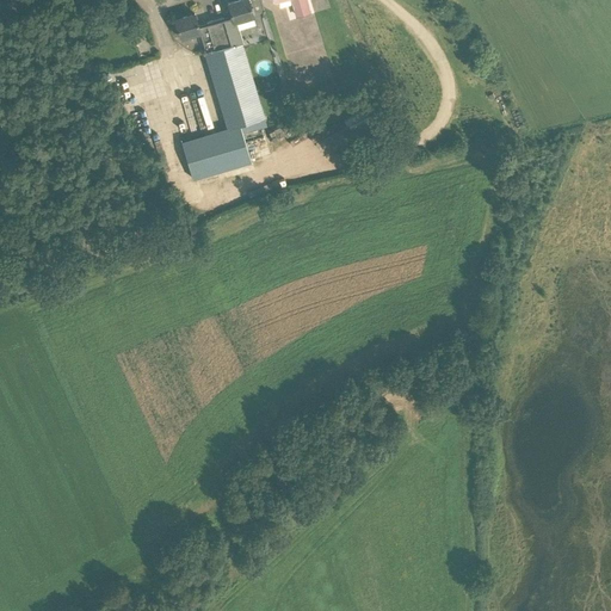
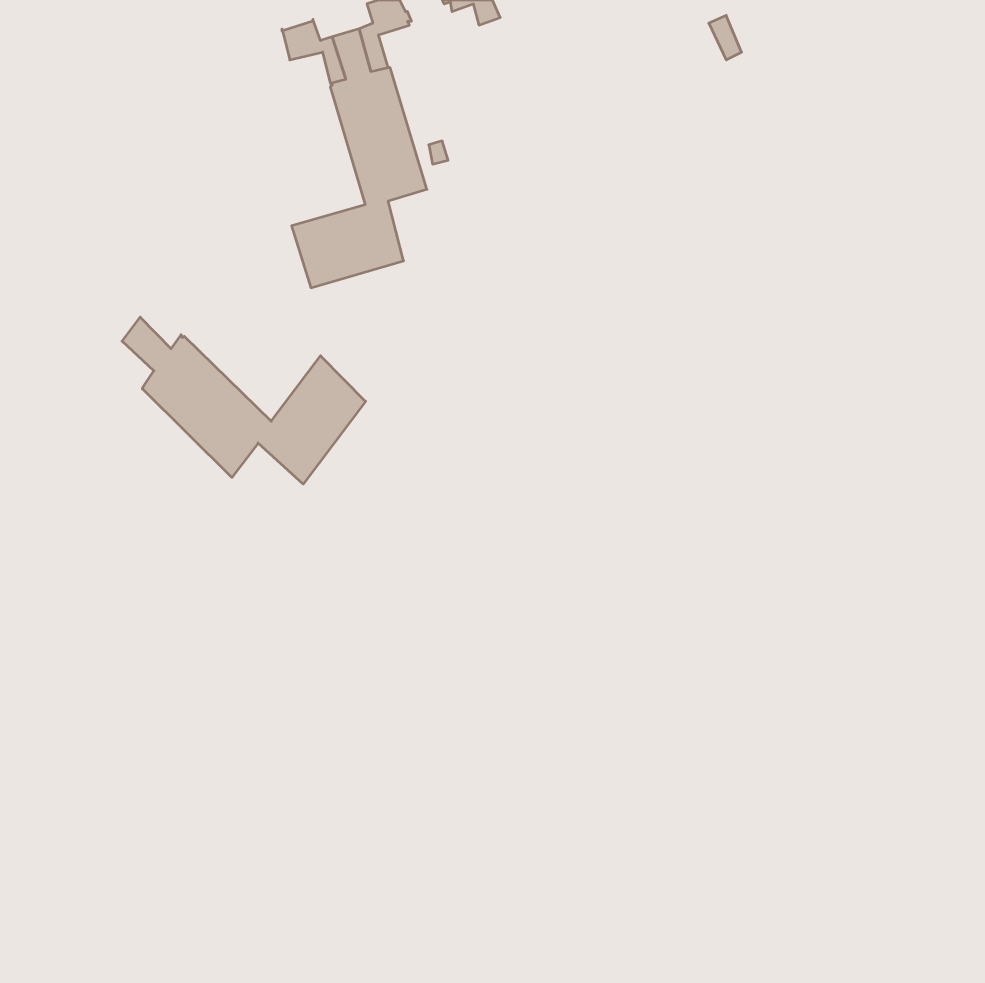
building: none -> [122,317,366,484]

